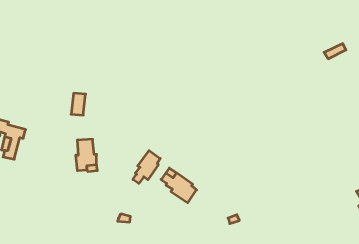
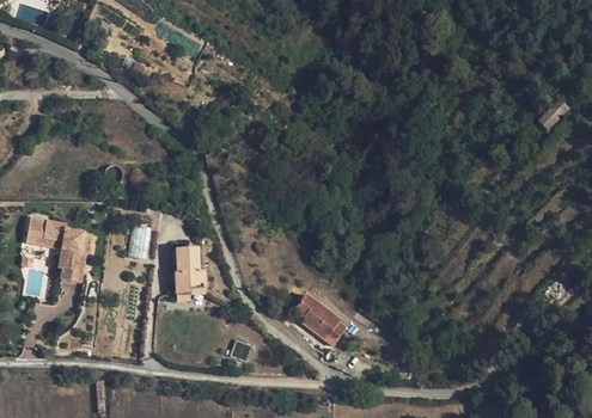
building: [71,93,86,115] -> [129,222,151,254]
building: [133,151,160,183] -> none

